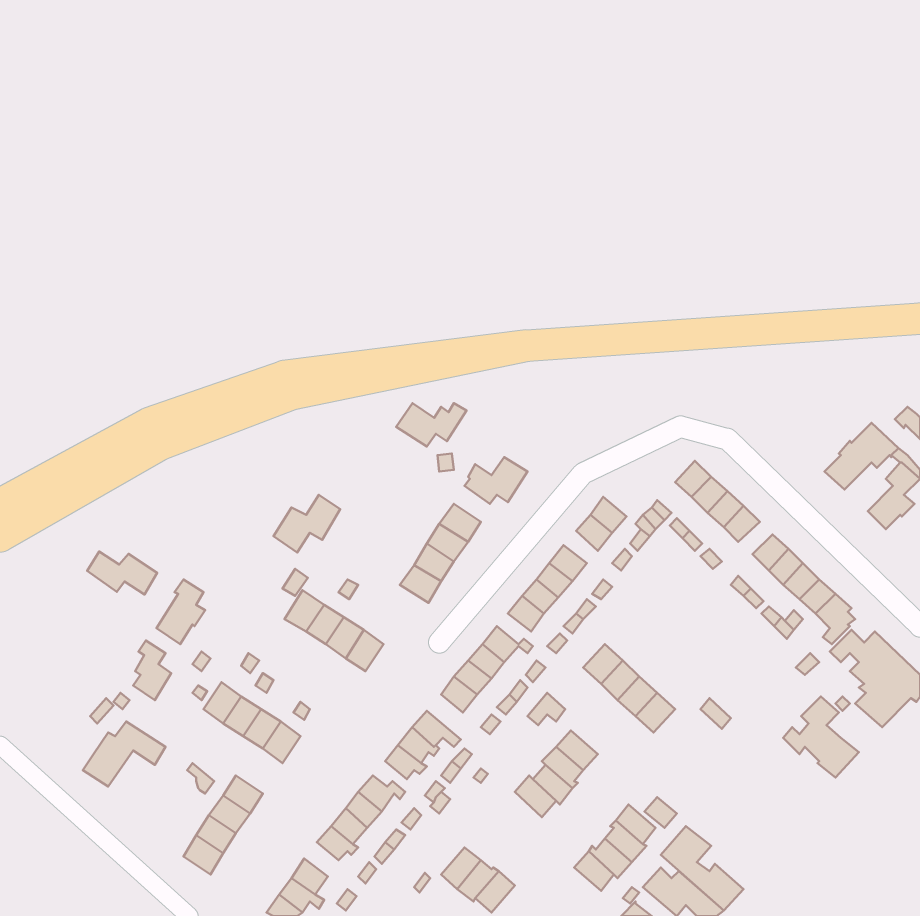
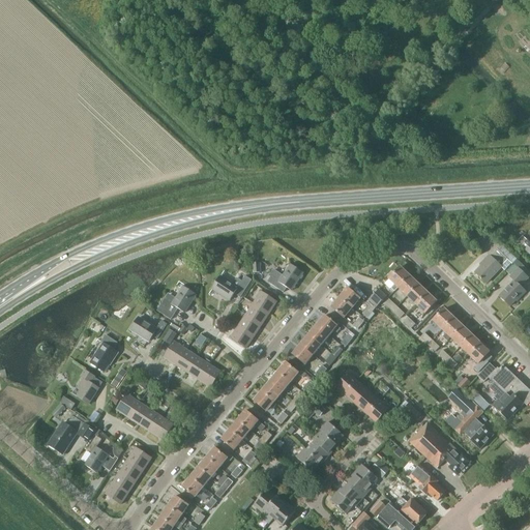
building: [396,403,467,447] -> [211,274,252,299]
building: none -> [130,316,167,340]
building: [87,551,157,595] -> none
building: none -> [409,421,470,474]
building: none -> [85,434,109,471]
building: none -> [409,464,445,499]

